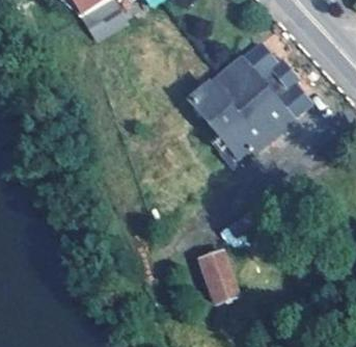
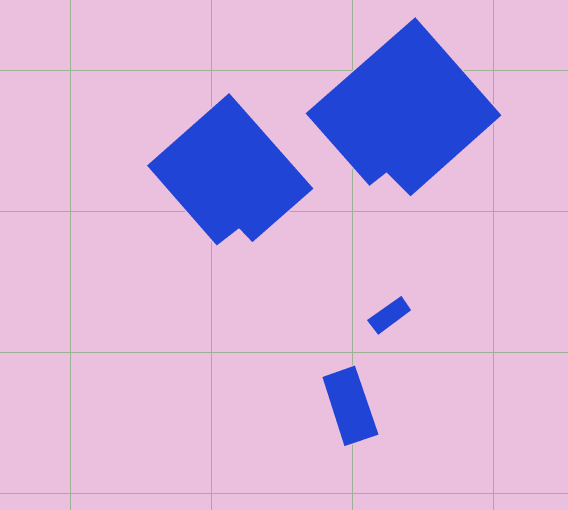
building: none -> [146,92,314,247]

